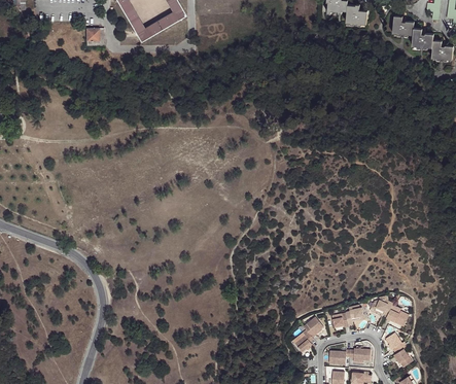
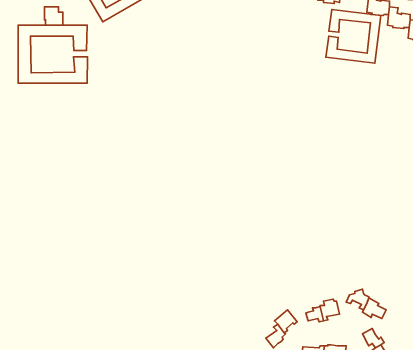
building: none -> [326,9,381,63]
building: none -> [18,25,88,83]

